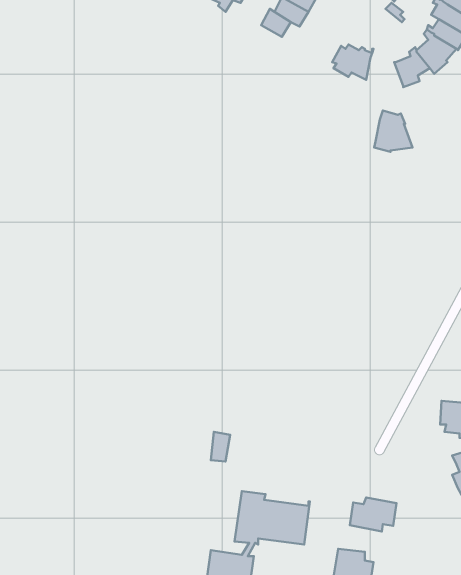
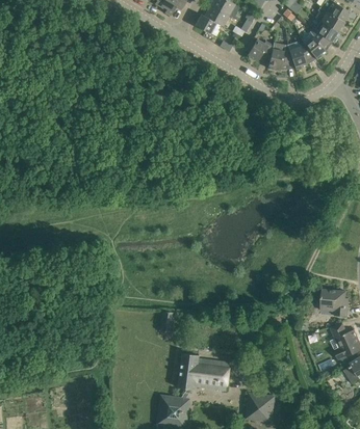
building: [374,111,413,152] -> [269,41,297,70]
building: [350,497,397,531] -> none

